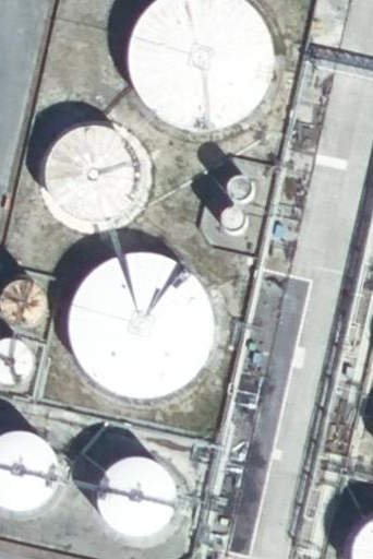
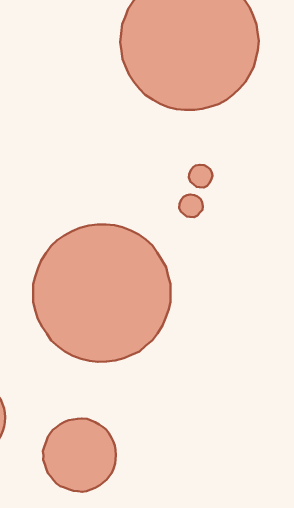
building: [48,127,140,218] -> none

